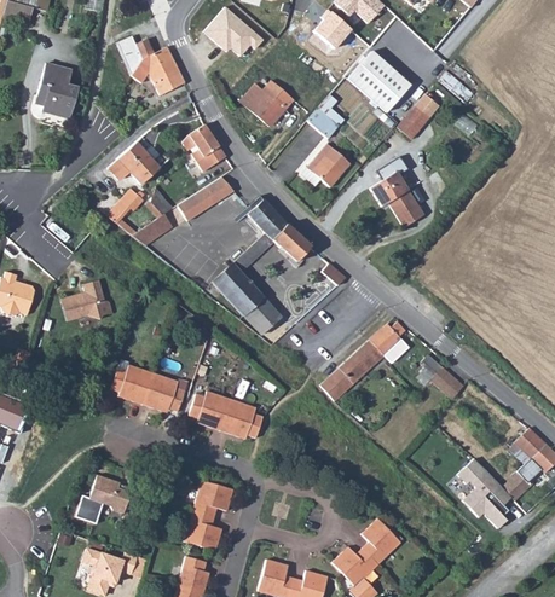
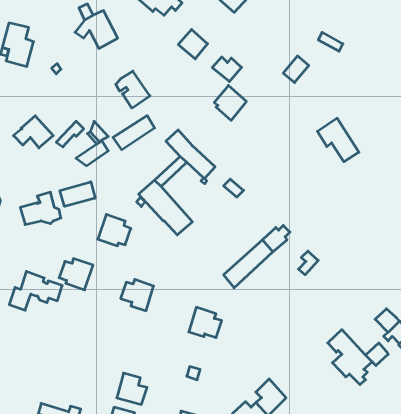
building: [347,51,410,112] -> none
building: [241,83,284,126] -> none
building: [108,143,158,184] -> [13,116,53,148]
building: [370,172,423,227] -> [317,118,359,162]
building: none -> [60,182,95,206]
building: [429,366,463,399] -> none
building: [143,372,185,412] -> [98,214,131,246]
building: [221,399,264,437] -> [189,307,222,338]
building: [75,474,143,523] -> [9,271,62,310]
building: [192,480,233,516] -> none

